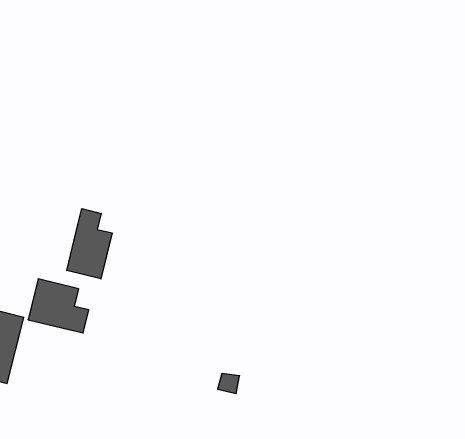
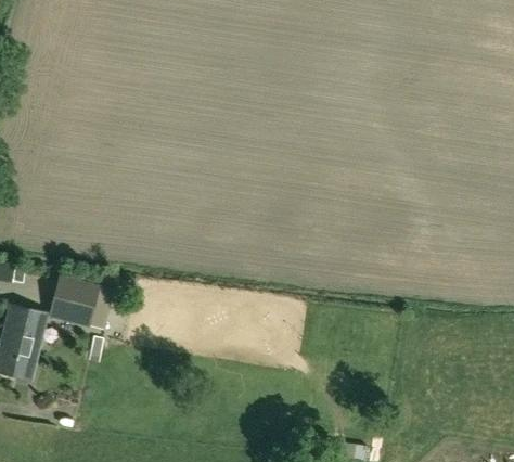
building: [67,209,112,279] -> none

